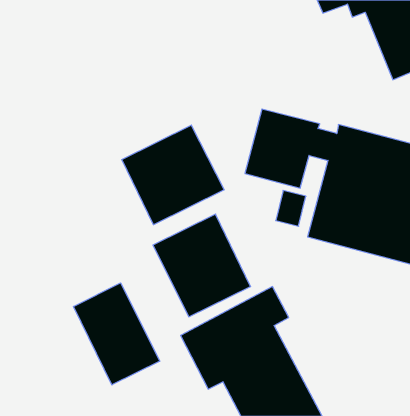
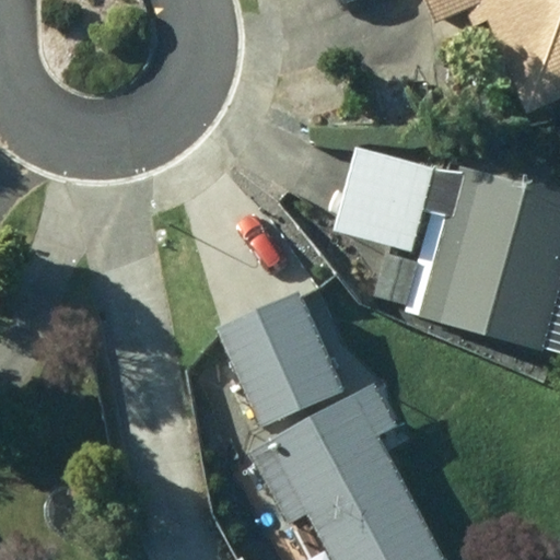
building: [122,125,224,225] -> none
building: [74,283,160,385] -> none

